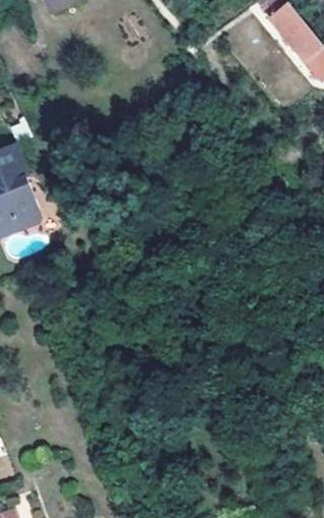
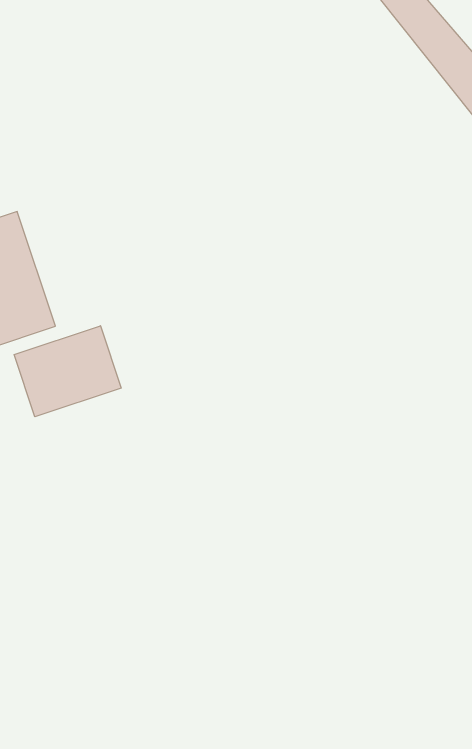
building: none -> [14,326,121,417]

